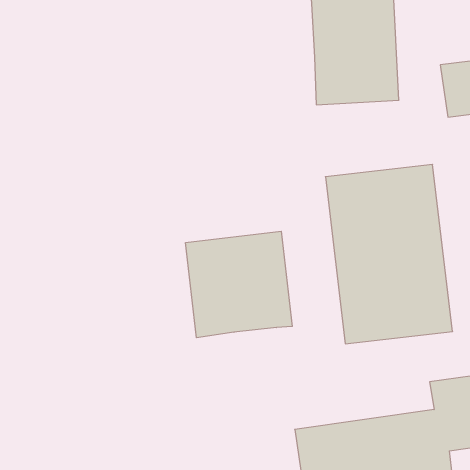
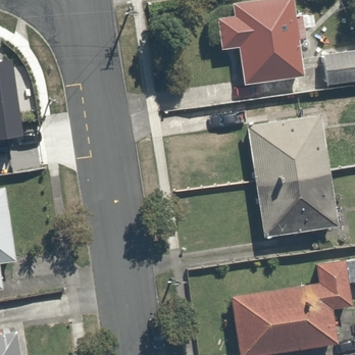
building: [186,231,292,338] -> none

